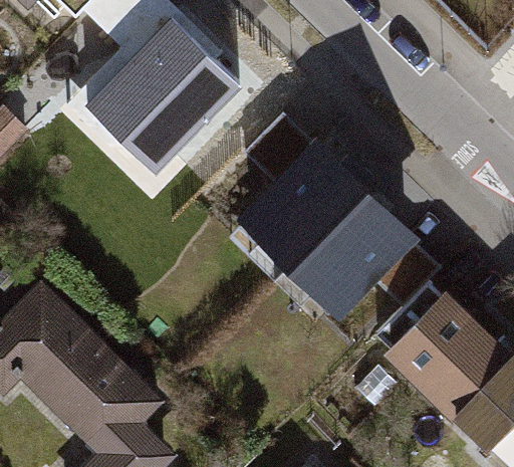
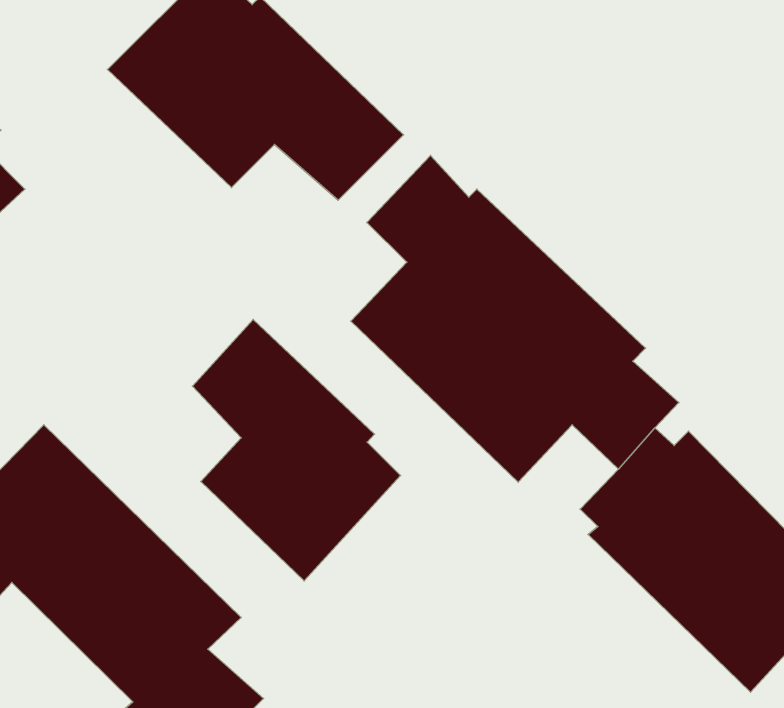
building: none -> [192,320,401,581]

